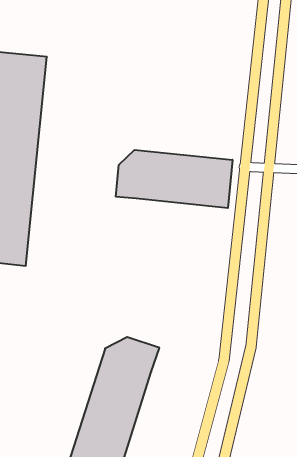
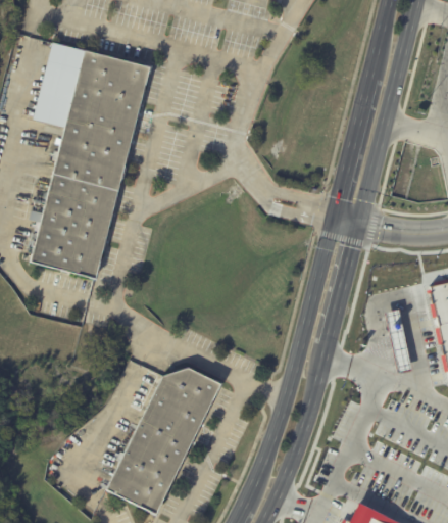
building: [116,150,232,208] -> none

